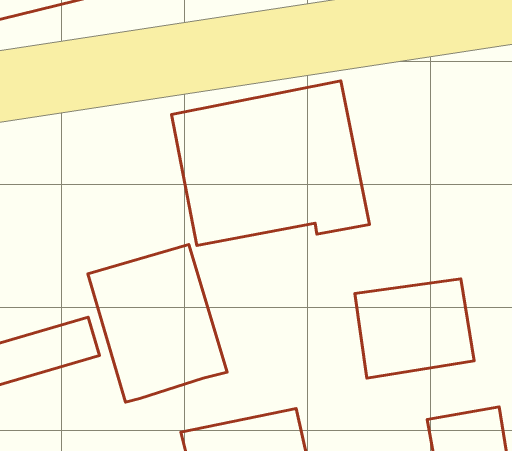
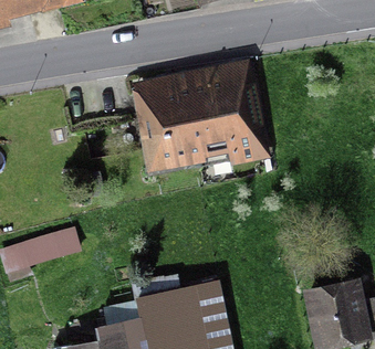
building: [88,245,227,402] -> none
building: [355,279,474,378] -> none

